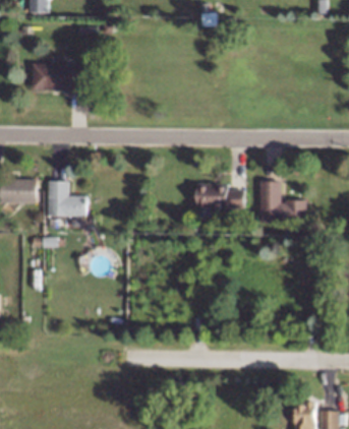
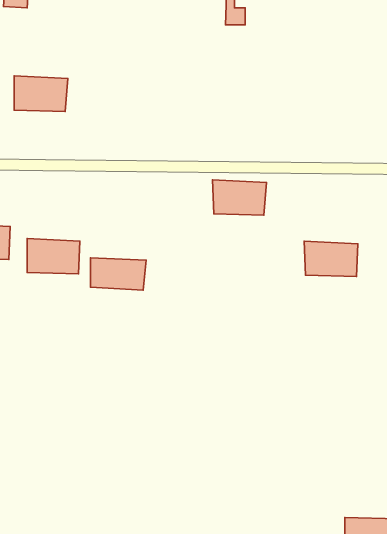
building: [199,185,241,212] -> [213,180,266,215]
building: none -> [90,258,146,290]

